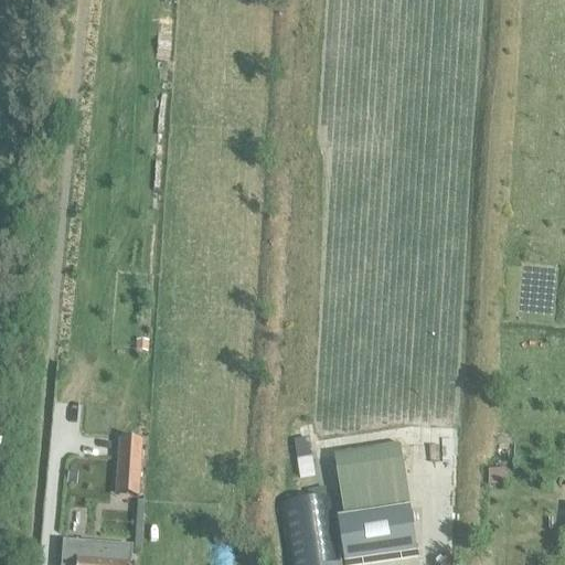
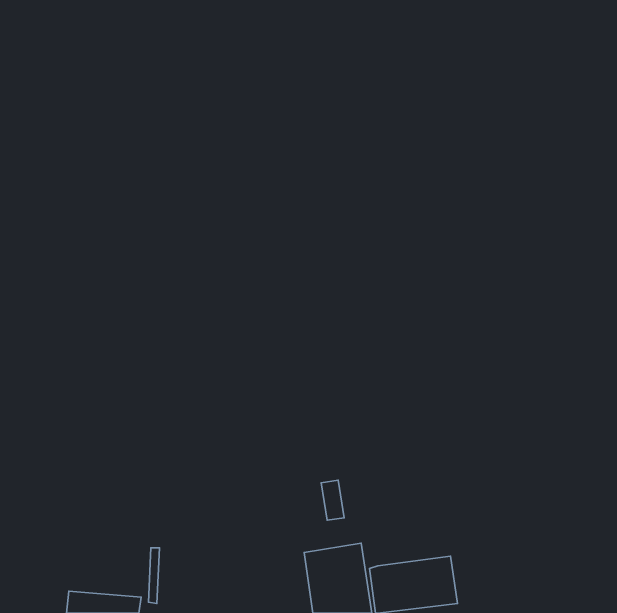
building: [115,438,142,487] -> none
building: [337,446,412,518] -> none

